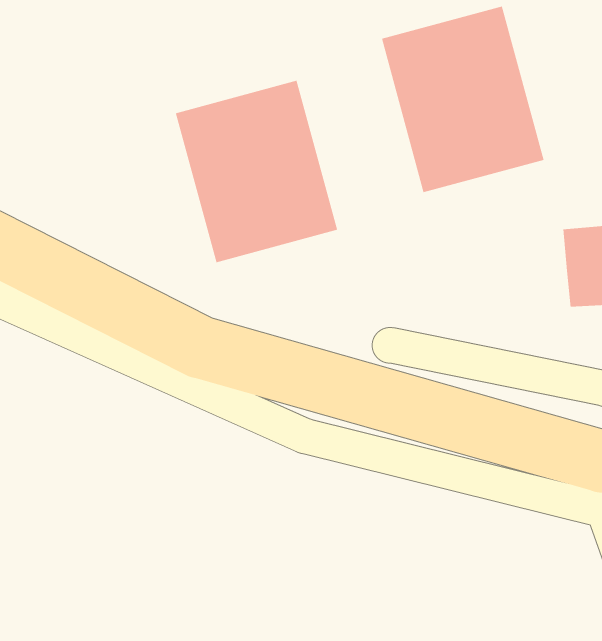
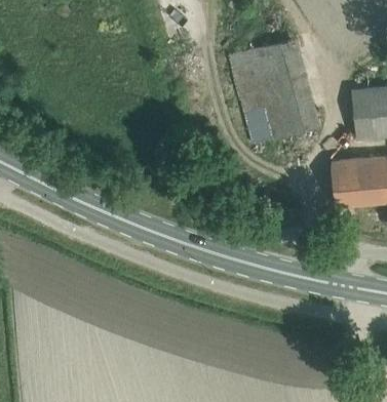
building: [175,80,338,263] -> none

